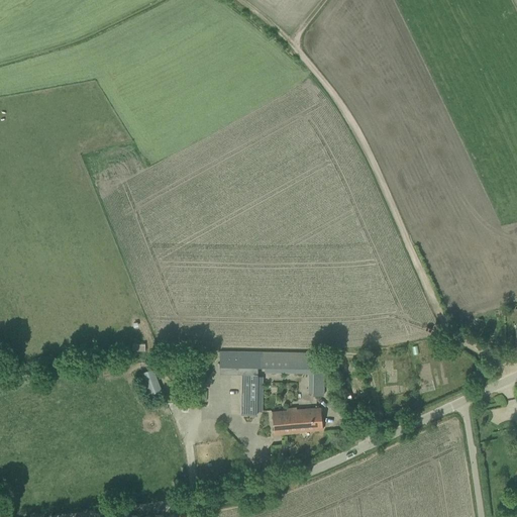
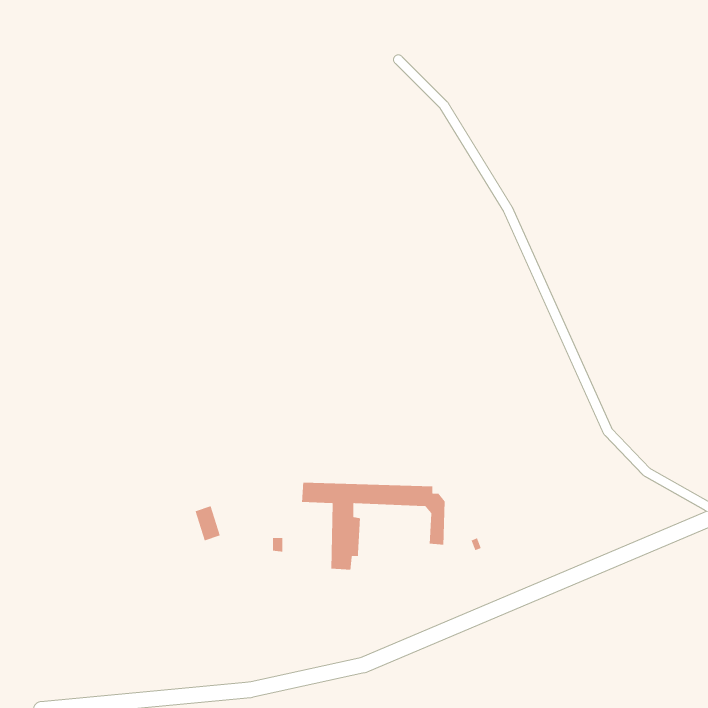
building: [271,409,321,436] -> none

